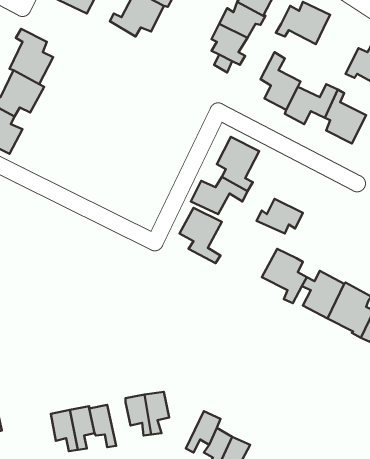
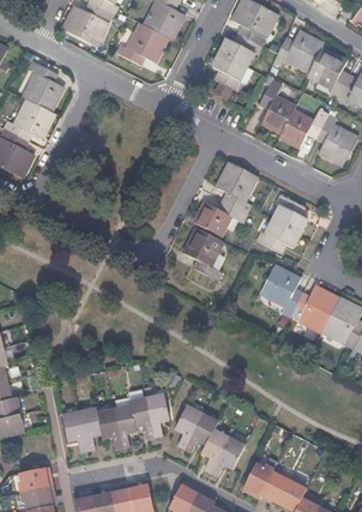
building: none -> [307,52,349,102]
building: none -> [271,193,304,231]
building: none -> [115,408,138,448]
building: none -> [179,408,205,451]

